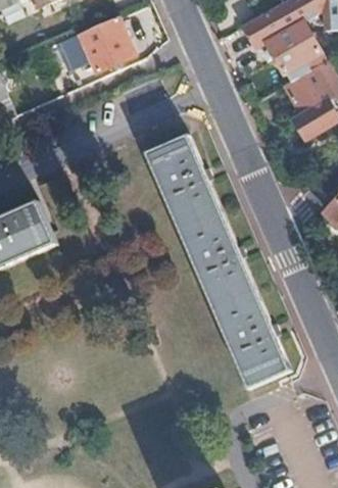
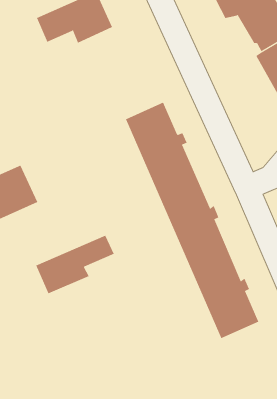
building: none -> [36,235,115,294]

